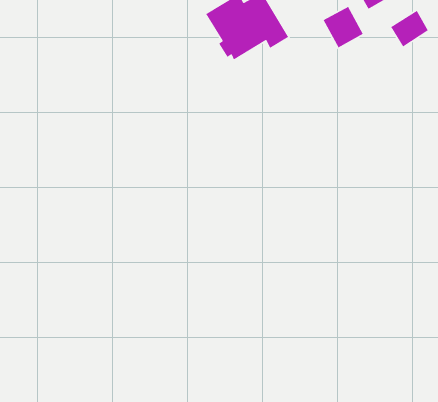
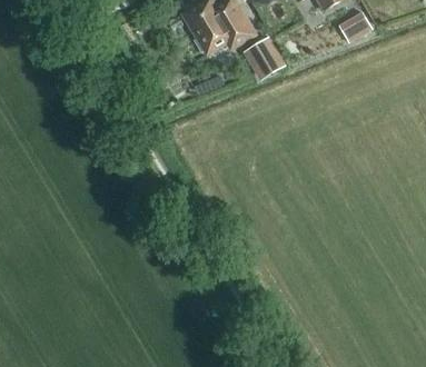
building: [323,6,364,48] -> [248,36,284,72]

